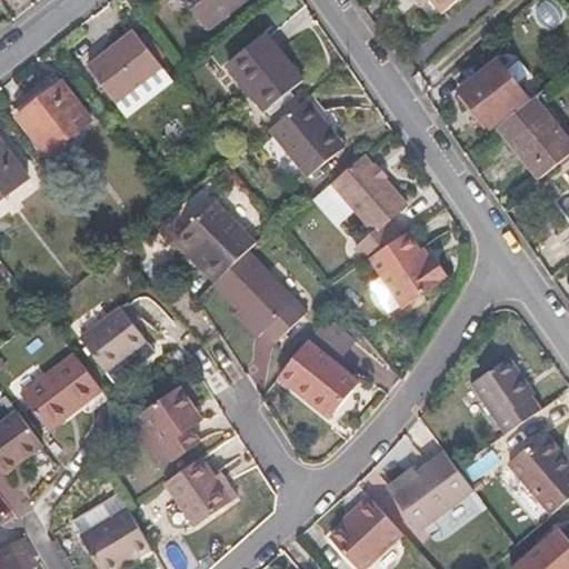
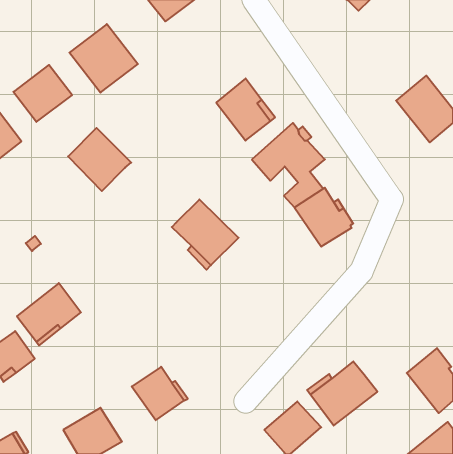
building: [226,32,302,117] -> none
building: [459,61,523,124] -> none
building: [178,199,257,278] -> [68,128,131,191]
building: [80,306,146,370] -> none
building: [281,318,358,416] -> none
building: [465,363,533,439] -> none
building: [141,387,201,459] -> none

